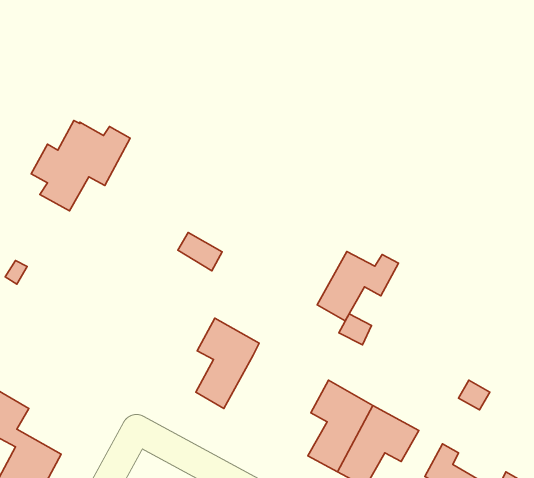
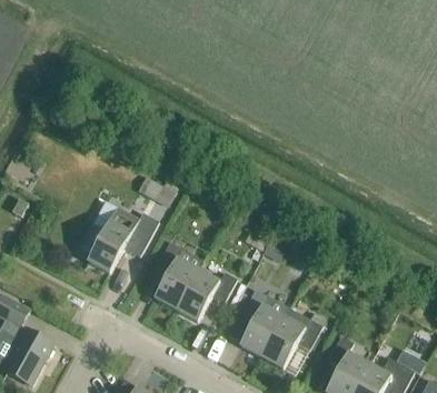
building: [31,121,130,211] -> [81,205,156,273]
building: [317,251,398,321] -> [177,270,238,322]

